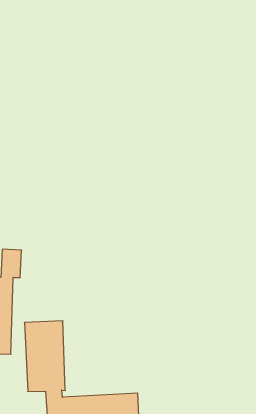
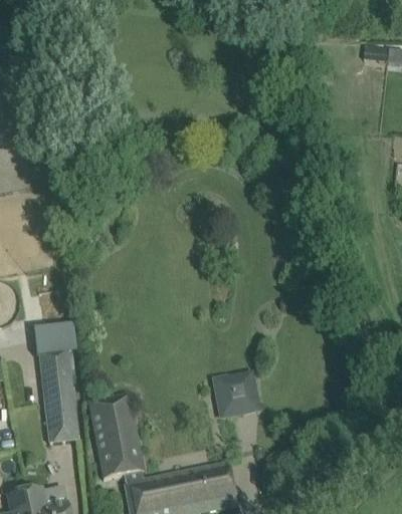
building: none -> [213,371,259,418]

